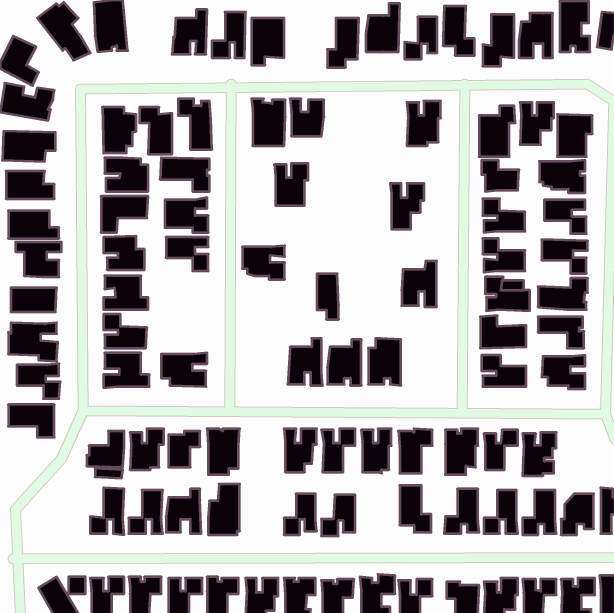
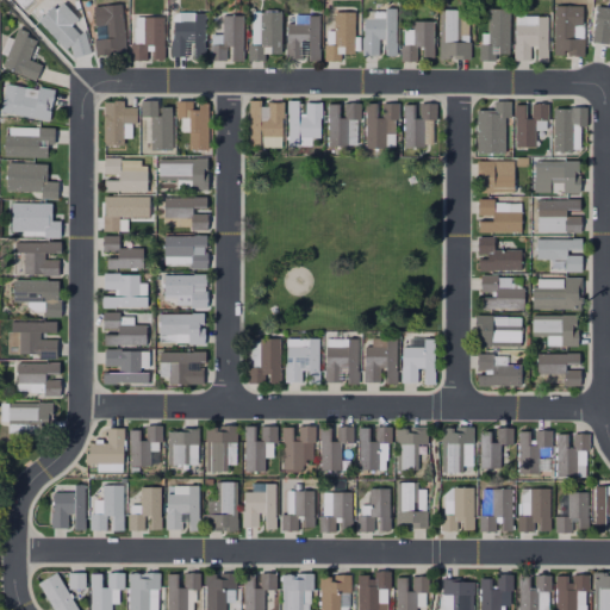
building: none -> [287,13,320,60]
building: none -> [132,15,166,60]
building: [274,163,308,206] -> [328,102,361,144]
building: [390,183,424,229] -> [366,102,399,148]
building: [242,246,285,279] -> [166,274,207,307]
building: [402,261,437,307] -> [402,338,436,384]
building: [317,274,339,319] -> [261,337,282,382]
building: none -> [161,312,205,344]
building: none -> [245,427,278,472]
building: none -> [558,434,590,475]
building: none -> [243,483,276,528]
building: none -> [51,484,86,530]
building: none -> [359,487,392,531]

